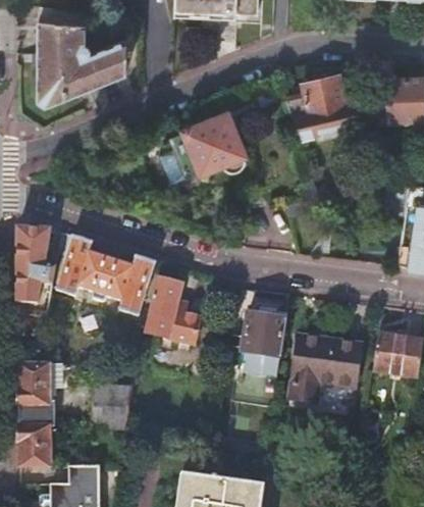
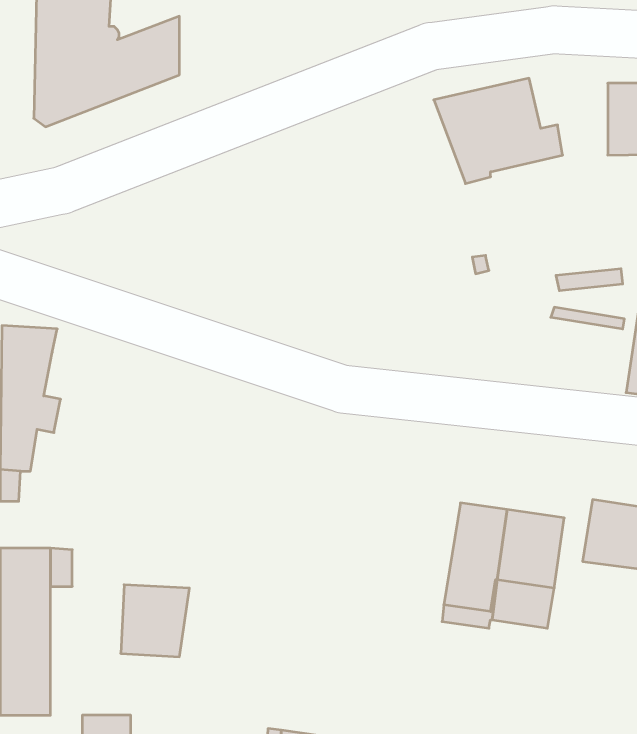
building: [168,113,247,182] -> none
building: [56,232,155,315] -> none
building: [144,276,201,345] -> none
building: [228,312,286,375] -> none

